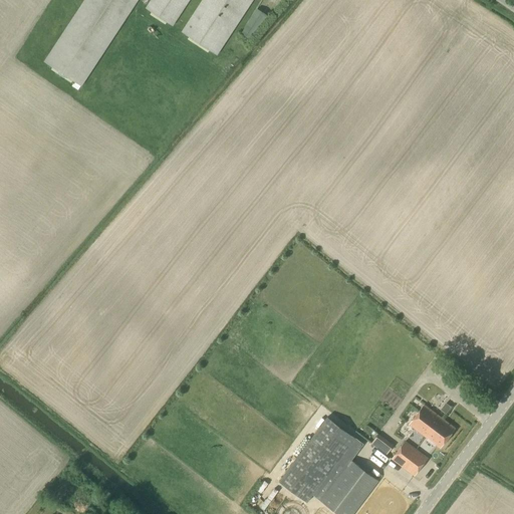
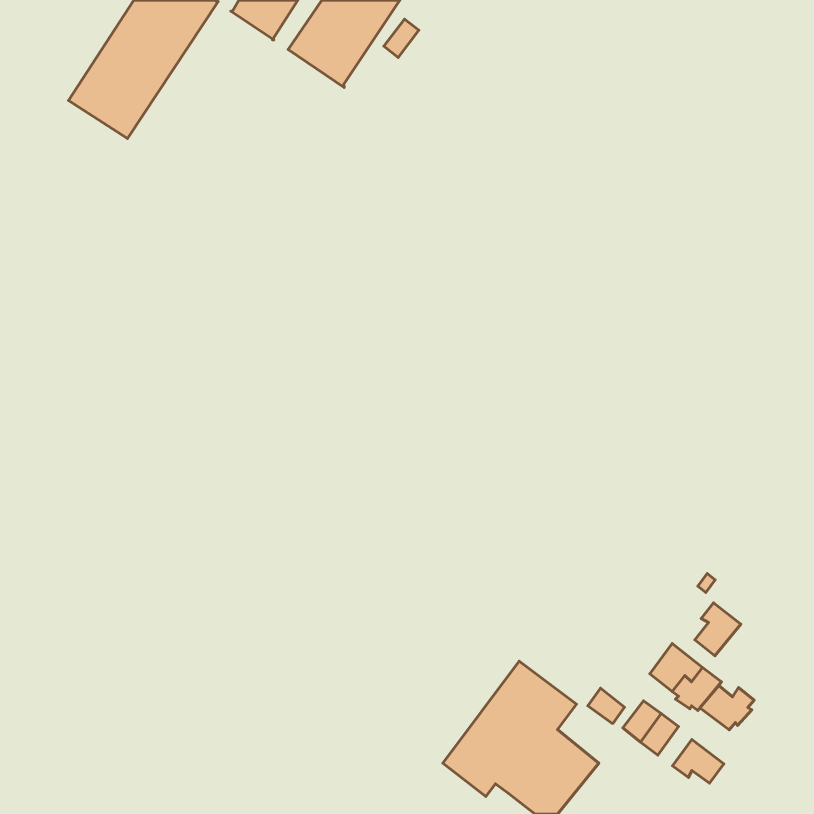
building: none -> [695,603,741,656]
building: none -> [700,685,754,730]
building: none -> [673,739,724,783]

